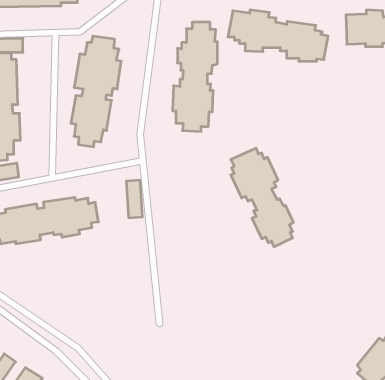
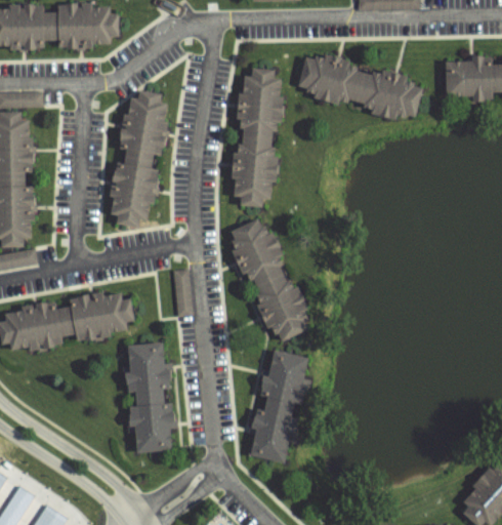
building: [231,148,293,247] -> [229,217,308,341]
building: none -> [125,344,173,450]
building: none -> [244,352,310,465]

